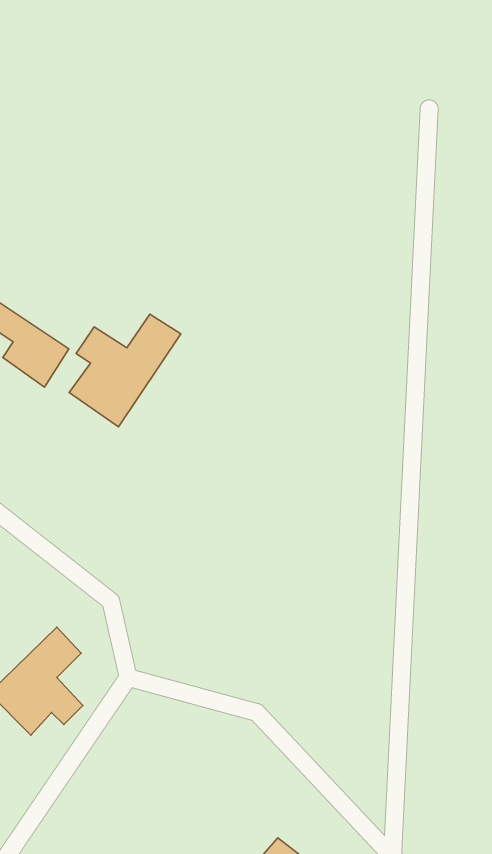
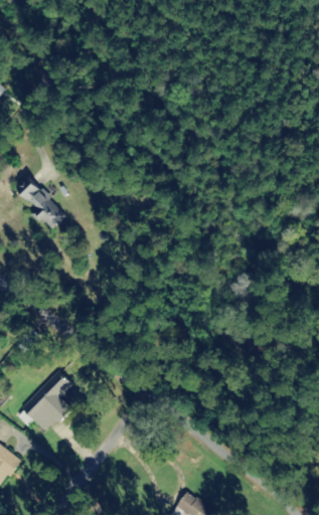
building: [69,314,181,427] -> none

